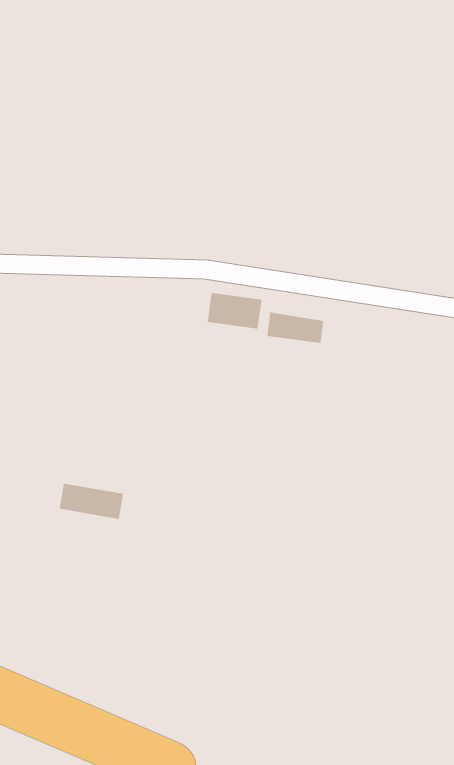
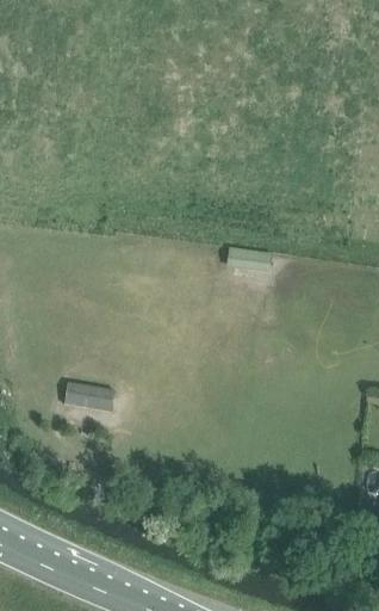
building: [207,292,262,329] -> none

